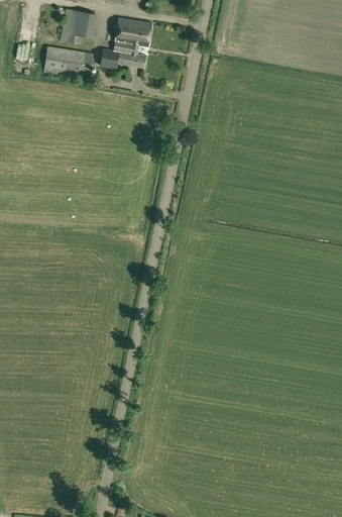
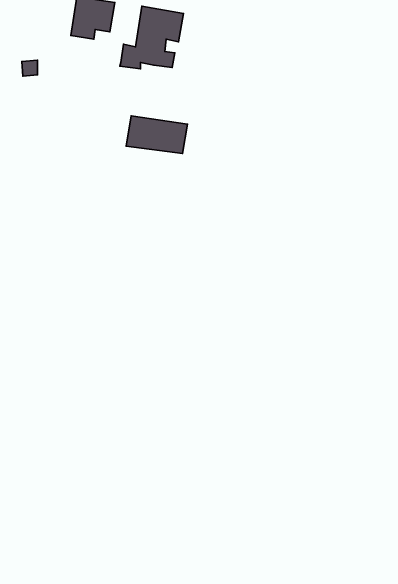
building: [43,46,94,78] -> [126,116,187,154]

